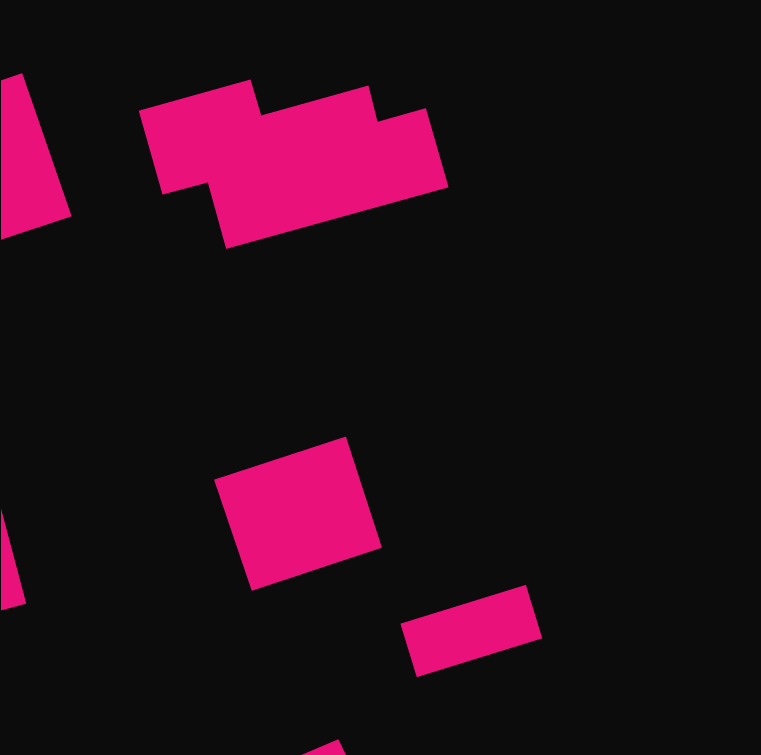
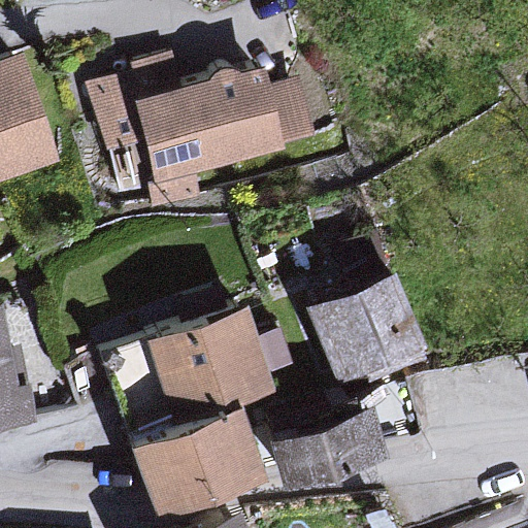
building: none -> [318,277,422,372]
building: none -> [128,408,259,515]

